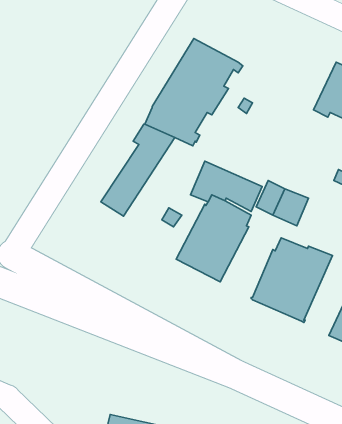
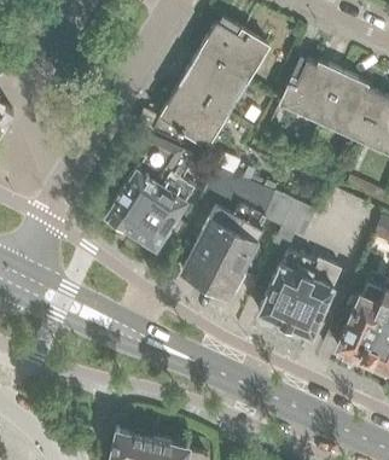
building: none -> [201,19,268,75]
building: none -> [280,60,344,123]
building: none -> [129,151,199,248]

